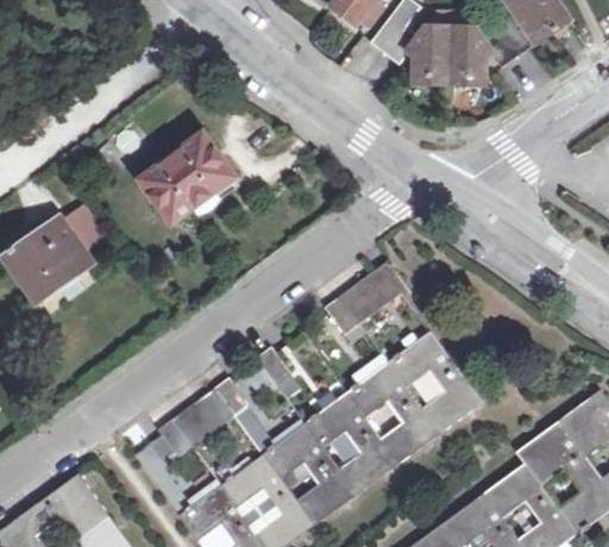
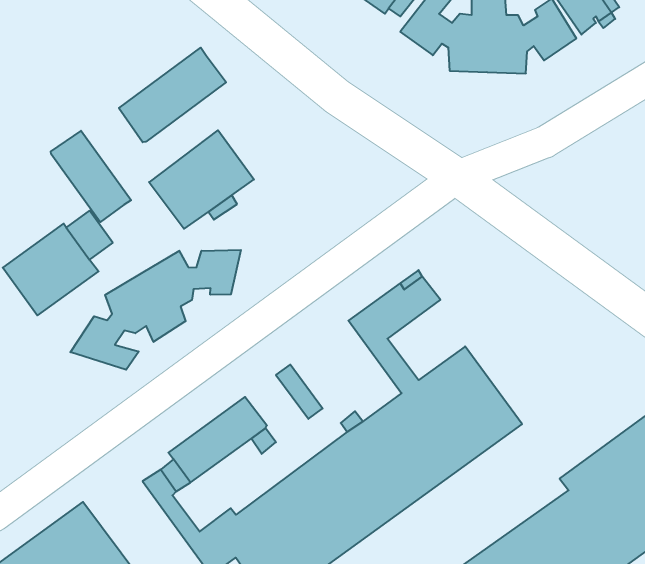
building: none -> [119,48,226,142]
building: none -> [51,131,131,222]
building: none -> [70,250,241,370]

